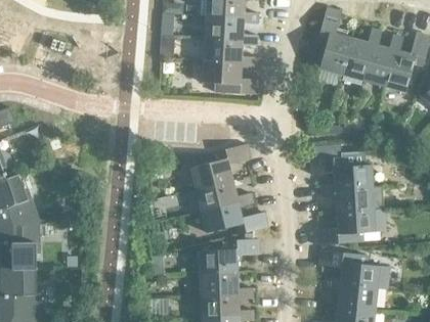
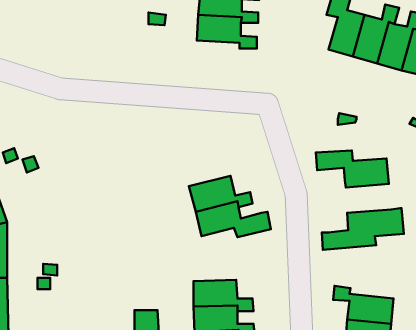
building: [202,59,264,94] -> none
building: [190,143,252,188] -> none
building: [318,183,383,212] -> none
building: [199,238,261,272] -> none
building: [317,249,389,288] -> none

